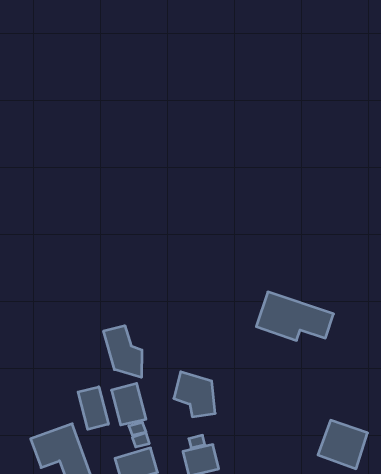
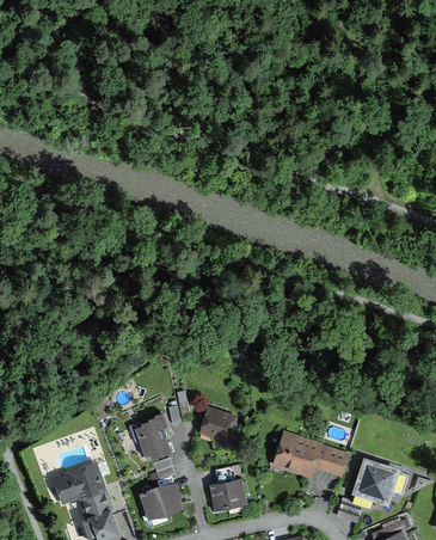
building: [256,292,334,340] -> [270,429,350,479]
building: [104,326,142,377] -> none
building: [78,387,108,429] -> none

